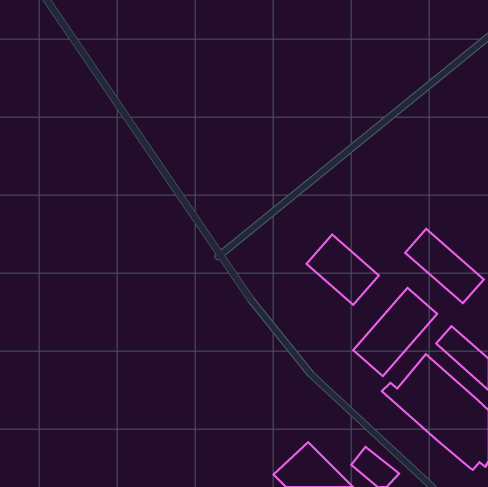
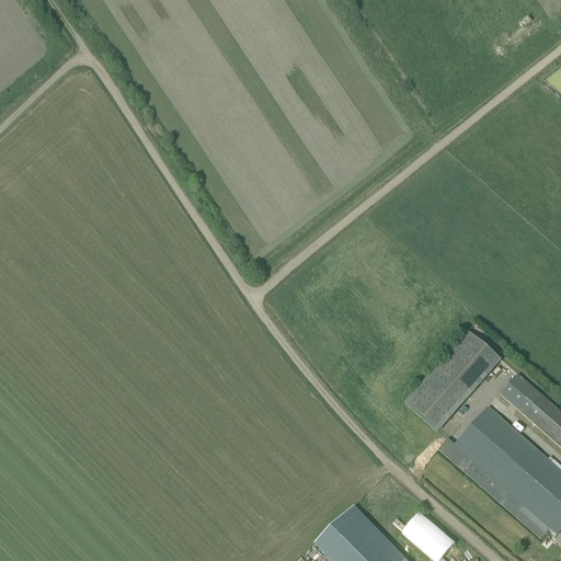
building: [405,229,484,303] -> none
building: [306,235,379,305] -> none

